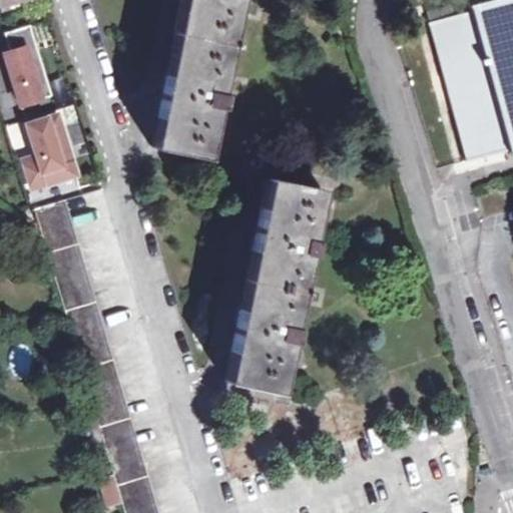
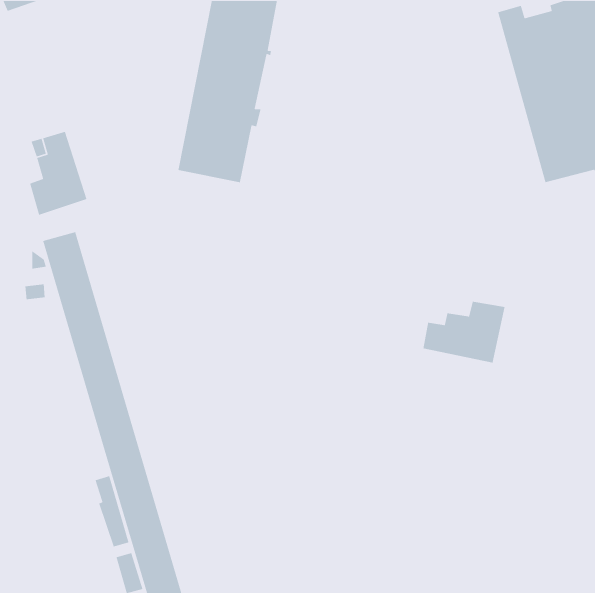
building: [5,27,52,105] -> none
building: [226,181,323,394] -> none
building: none -> [422,301,506,364]

